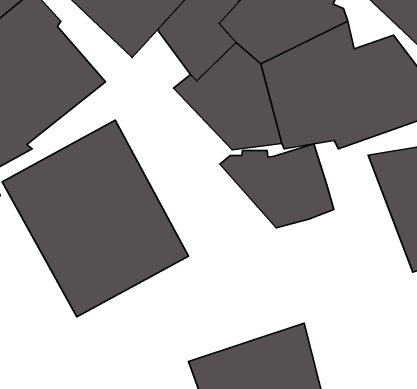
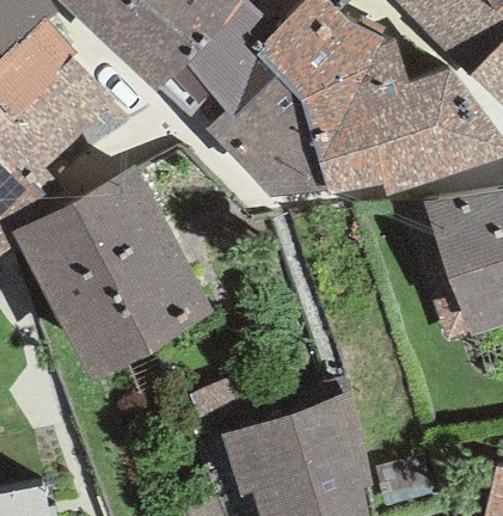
building: [220,144,334,228] -> none

